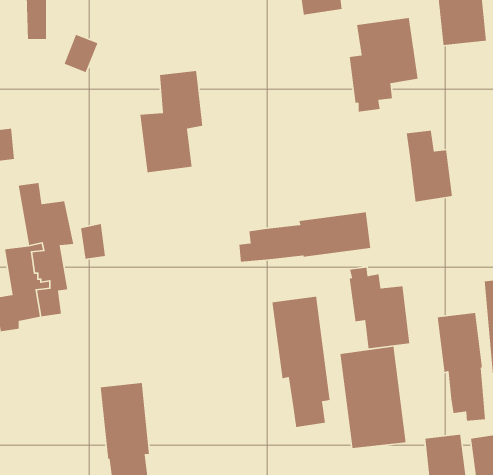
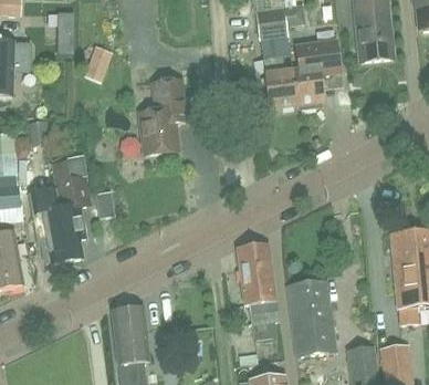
building: [406,130,453,202] -> [262,53,296,106]
building: [239,212,371,263] -> none
building: [349,267,410,349] -> none
building: [437,312,486,422] -> none

